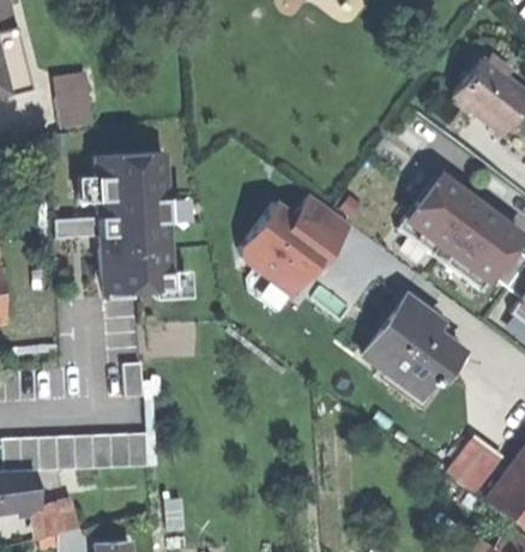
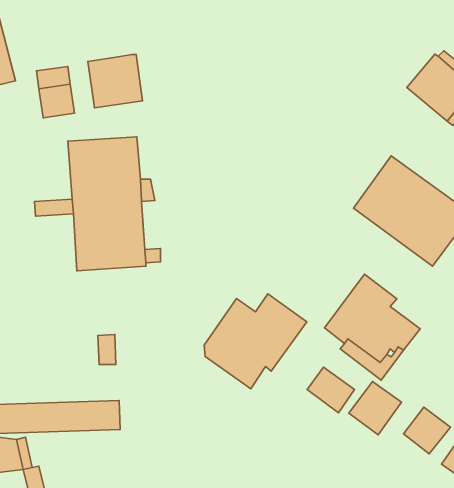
building: none -> [88,54,143,108]
building: [237,193,348,295] -> [204,294,307,389]
building: none -> [307,367,354,413]
building: none -> [349,381,402,435]

